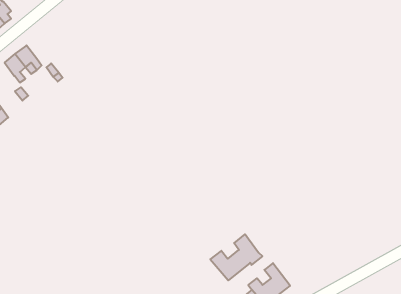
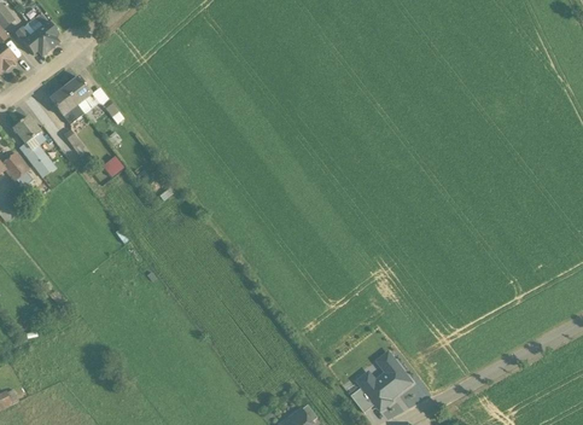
building: [210,234,262,280] -> none

